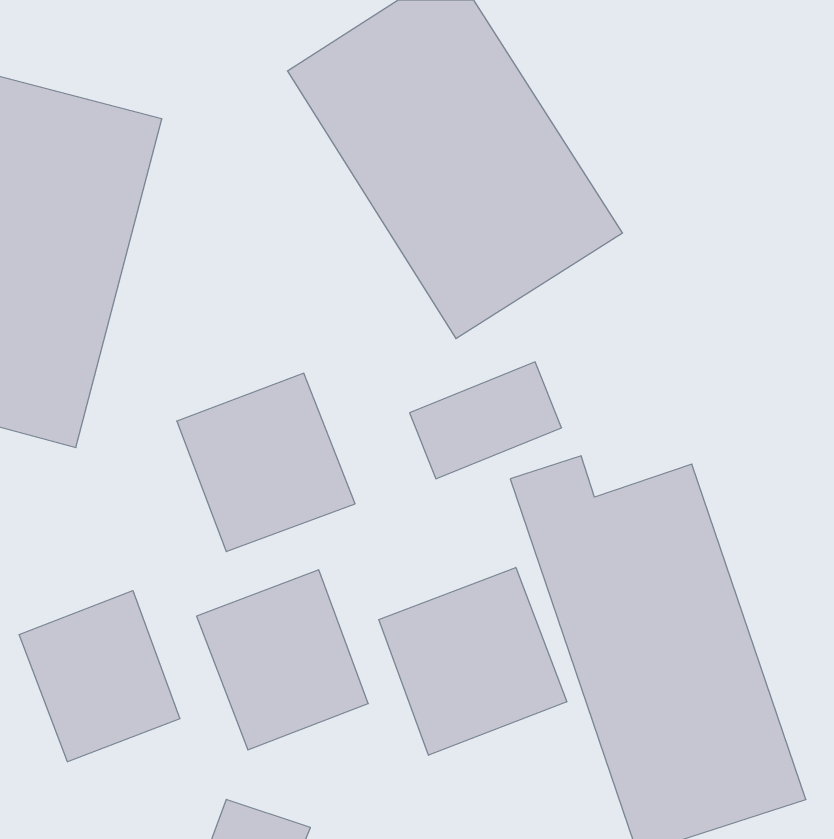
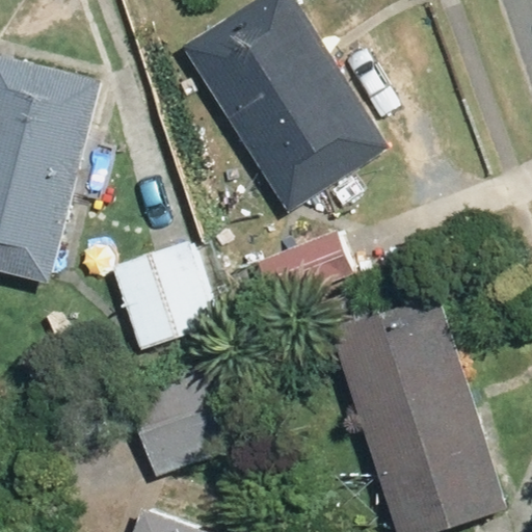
building: [379,567,567,755] -> none
building: [19,591,180,762] -> none

